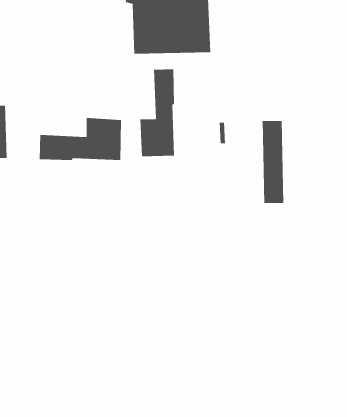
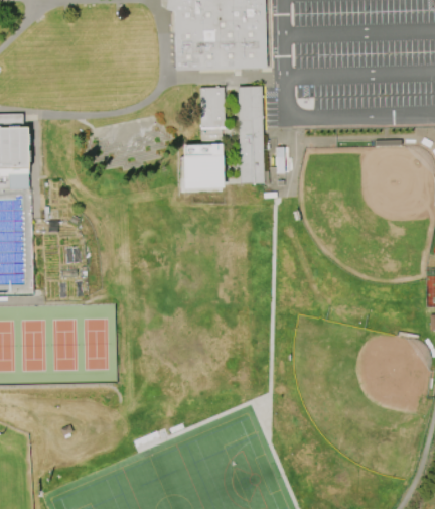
building: [39,117,122,161] -> none
building: [262,121,284,203] -> [238,87,264,183]

